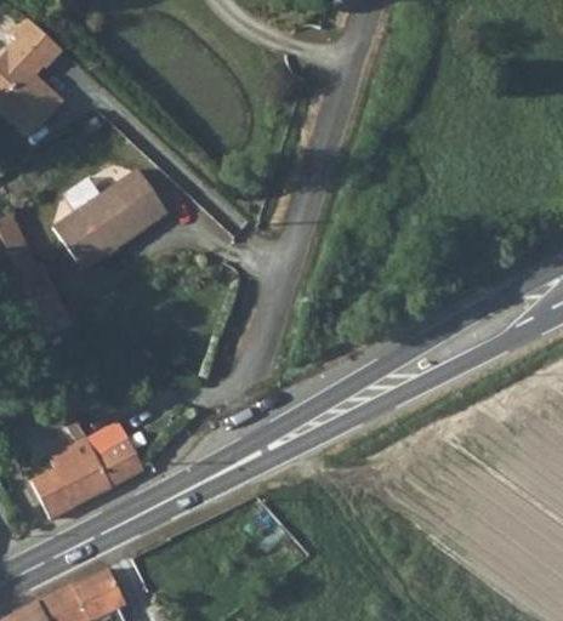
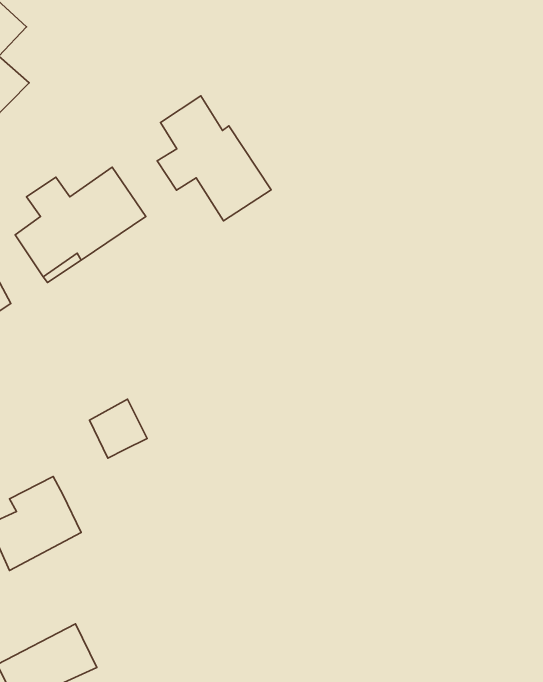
building: none -> [157,96,271,221]
building: [96,435,146,486] -> [90,399,147,458]

